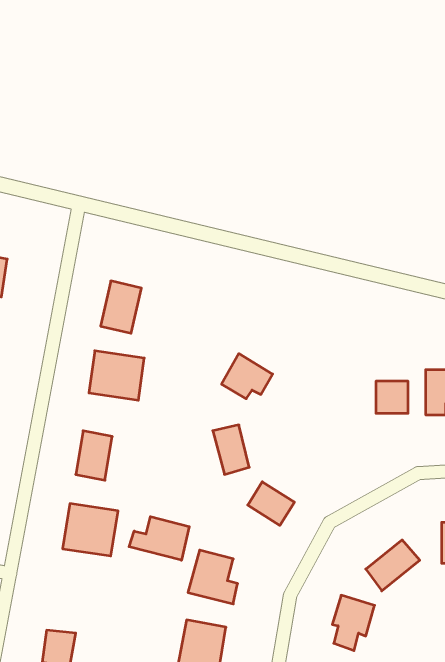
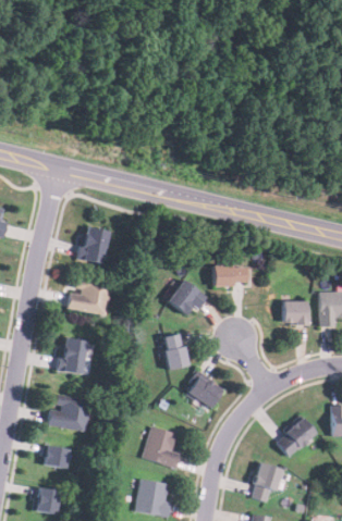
building: none -> [213,265,246,285]
building: [129,517,189,560] -> none
building: none -> [41,443,66,468]

